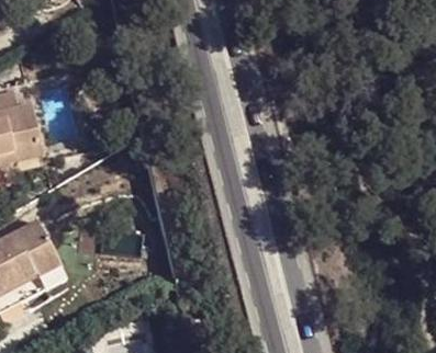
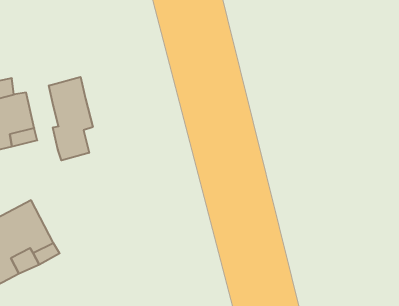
building: none -> [49,77,93,160]

